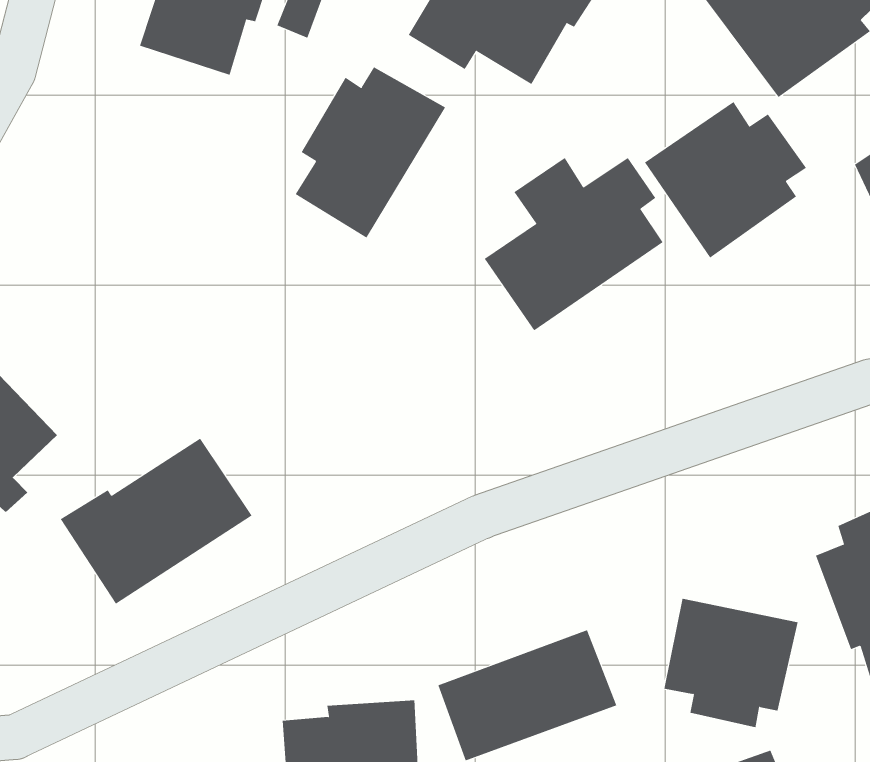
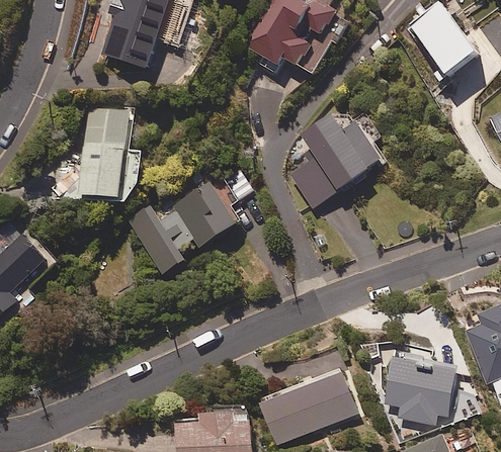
building: [295,66,446,238] -> none
building: [644,101,807,259] -> none
building: none -> [54,106,141,201]
building: [60,438,252,604] -> [131,181,236,272]

